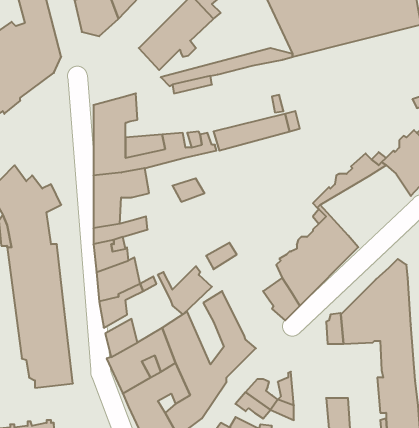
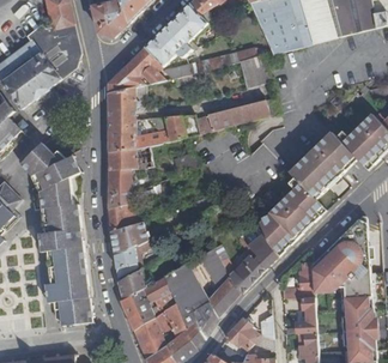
building: none -> [107,47,170,93]
building: none -> [238,56,268,85]
building: none -> [293,143,368,200]
building: [158,266,212,315] -> [220,253,265,292]
building: none -> [295,296,316,333]

